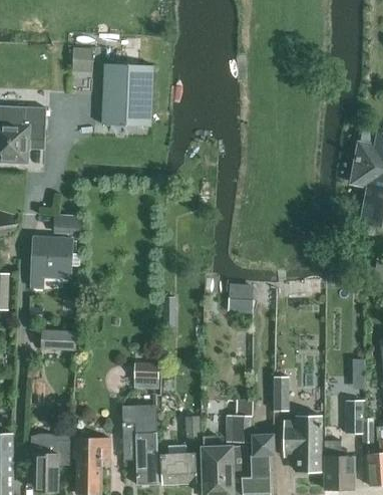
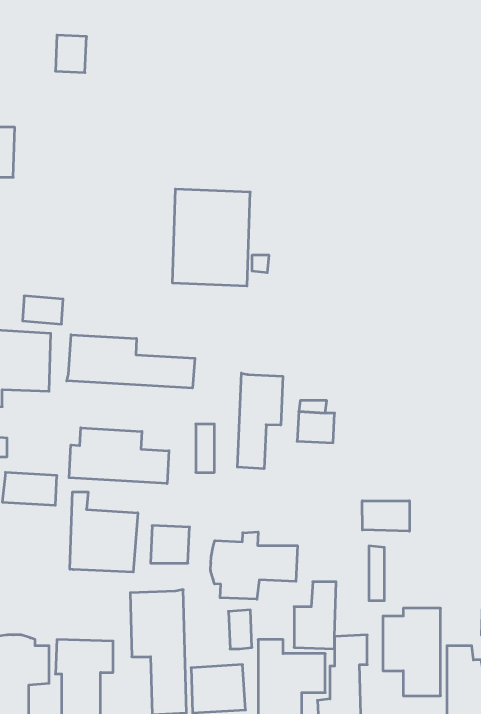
building: [103,64,153,127] -> [172,189,250,286]
building: none -> [67,335,195,388]
building: none -> [237,373,283,469]
building: none -> [69,428,169,484]
building: none -> [70,492,138,572]
building: none -> [362,501,409,531]
building: none -> [211,532,297,599]

